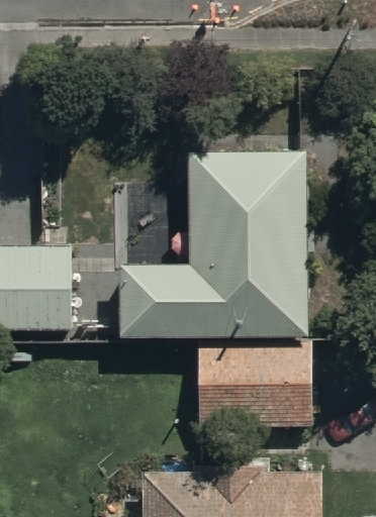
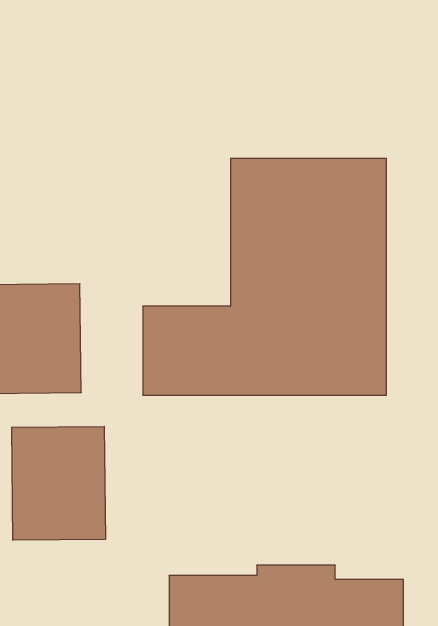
building: [194,346,308,431] -> none
building: none -> [12,426,105,540]

